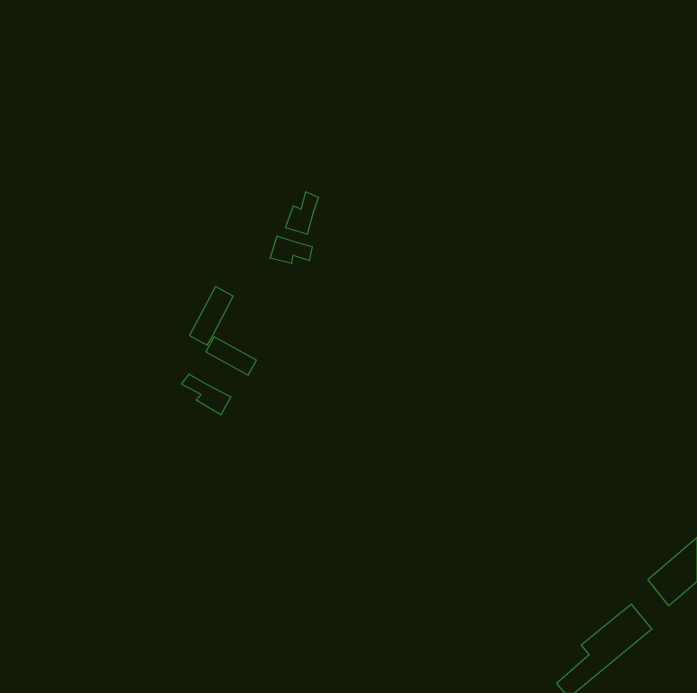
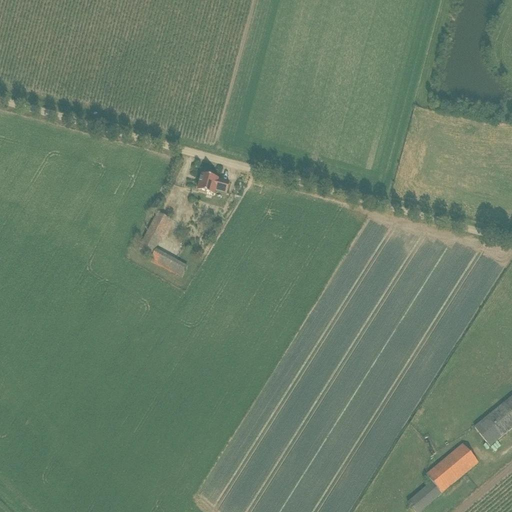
building: [286,192,319,234] -> none
building: [182,374,231,415] -> none

